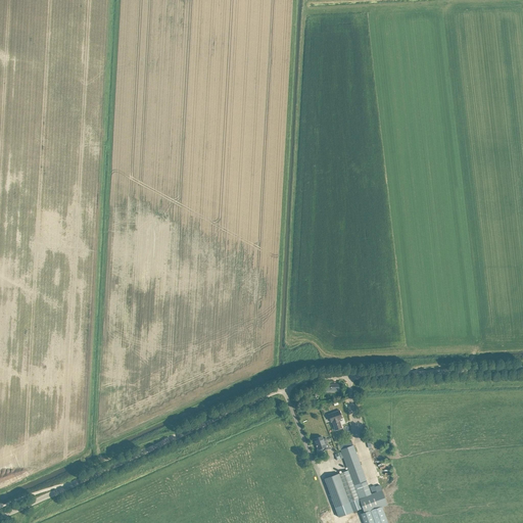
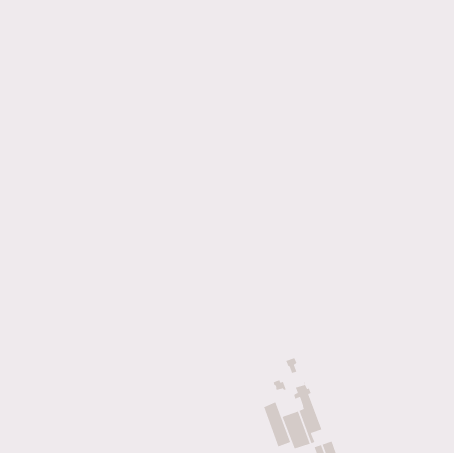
building: none -> [263,401,291,447]

